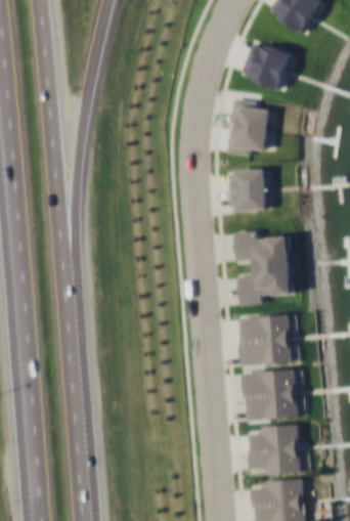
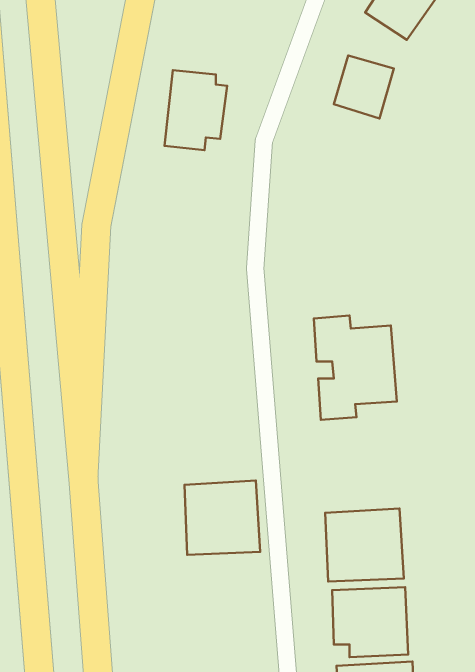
building: [226,98,271,156] -> [164,70,227,150]
building: [229,169,269,210] -> none
building: [238,313,293,366] -> [184,481,260,555]

